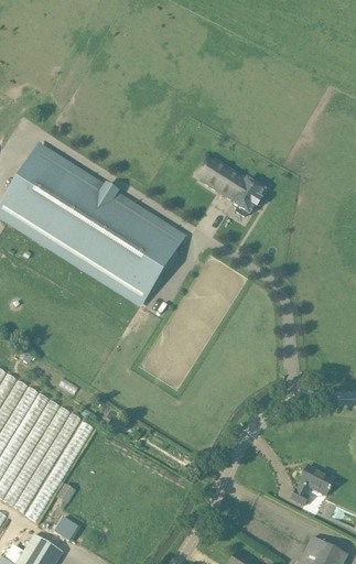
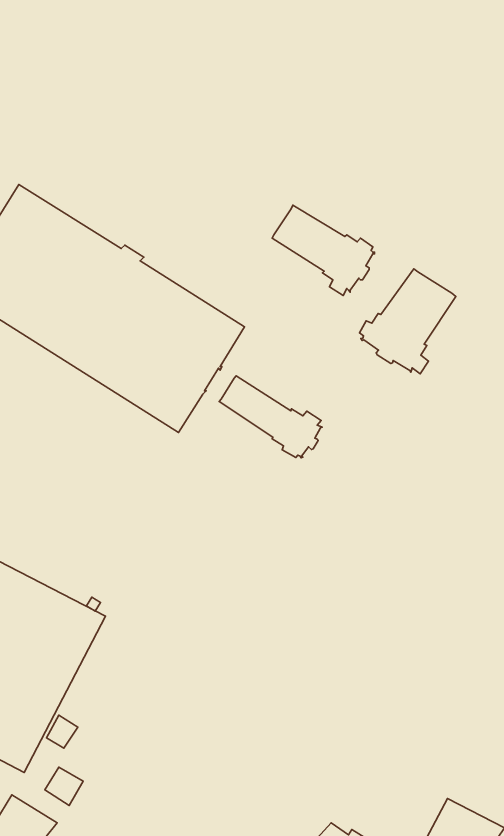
building: none -> [359,269,456,374]
building: none -> [219,376,322,458]
building: [291,465,334,505] -> none

